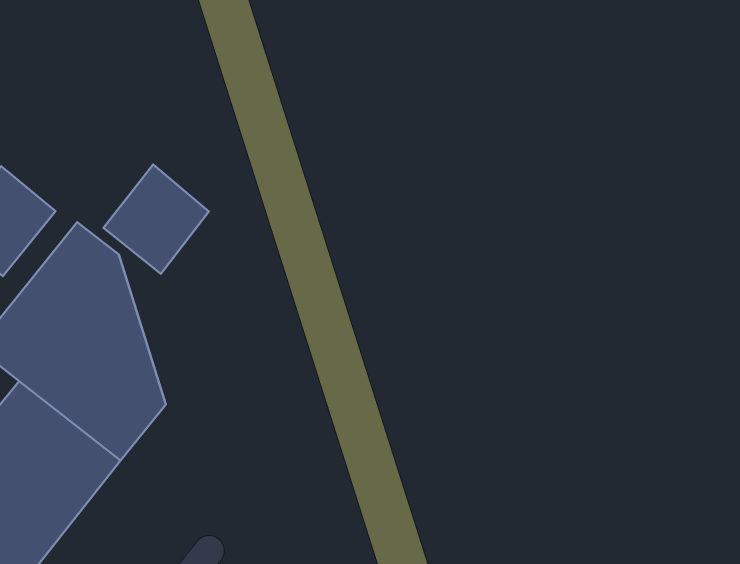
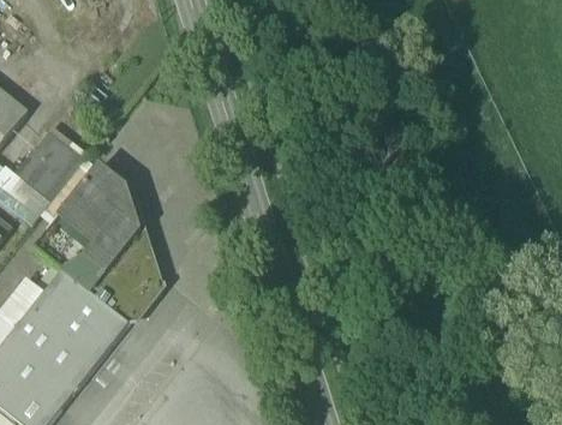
building: [104,165,209,274] -> none

